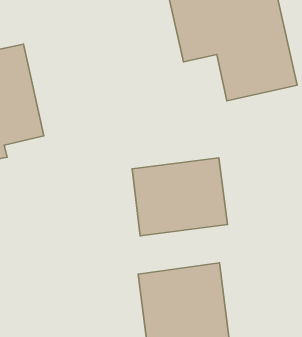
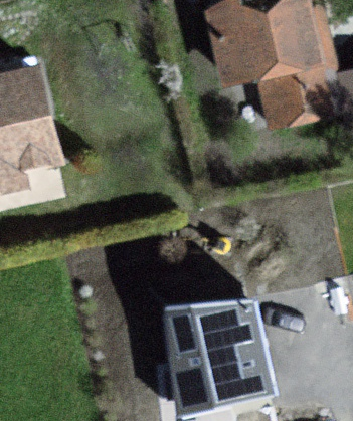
building: [132,158,227,236] -> none

